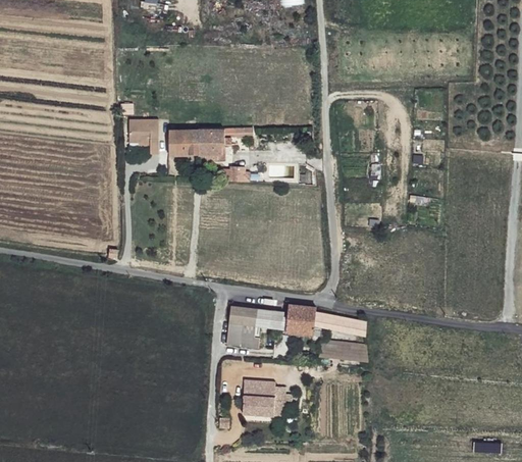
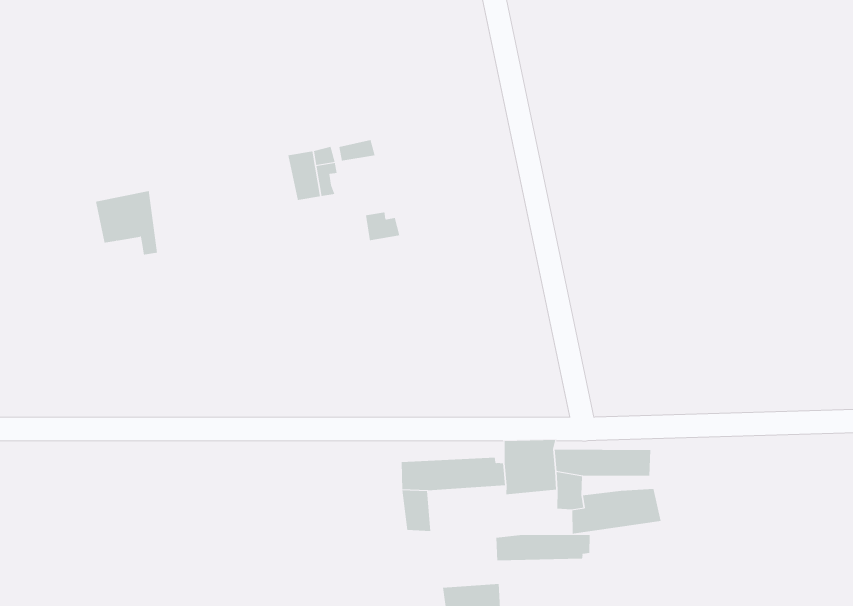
building: [126,116,157,151] -> [95,191,158,255]
building: [168,129,199,154] -> none
building: none -> [496,534,590,561]

